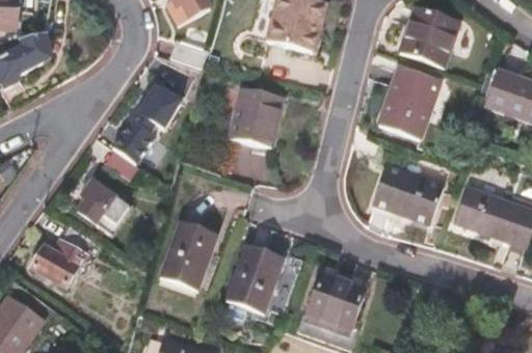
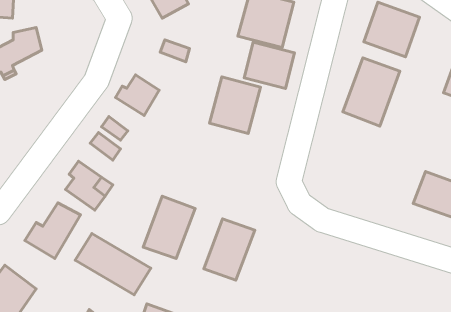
building: none -> [244,42,295,88]
building: [372,166,445,226] -> none
building: none -> [75,233,151,295]
building: [307,270,366,329] -> none

